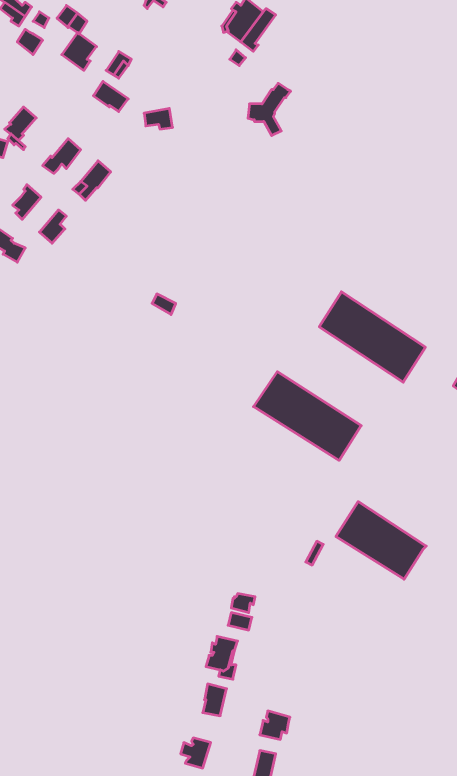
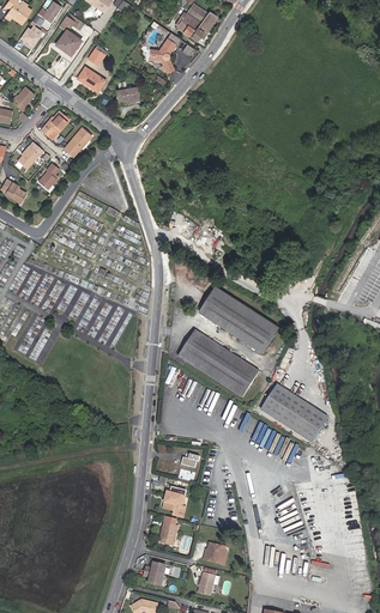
building: [248,83,291,136] -> [149,34,181,73]
building: [319,292,425,382] -> [180,330,260,399]

